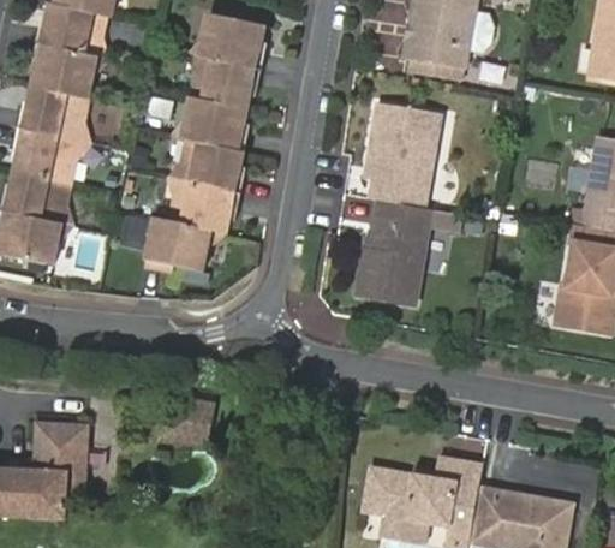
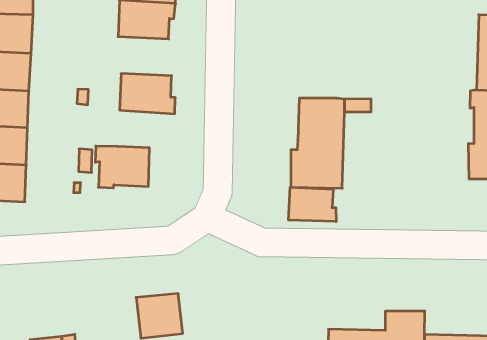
building: [181,96,246,150] -> none
building: [370,101,441,207] -> none
building: [169,179,239,232] -> none
building: none -> [289,187,336,222]

